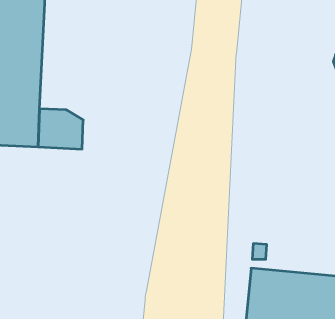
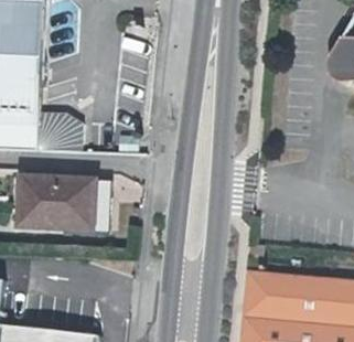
building: none -> [14,173,97,235]

